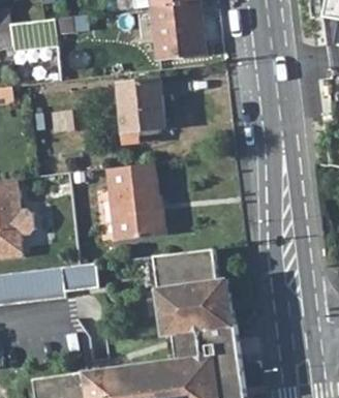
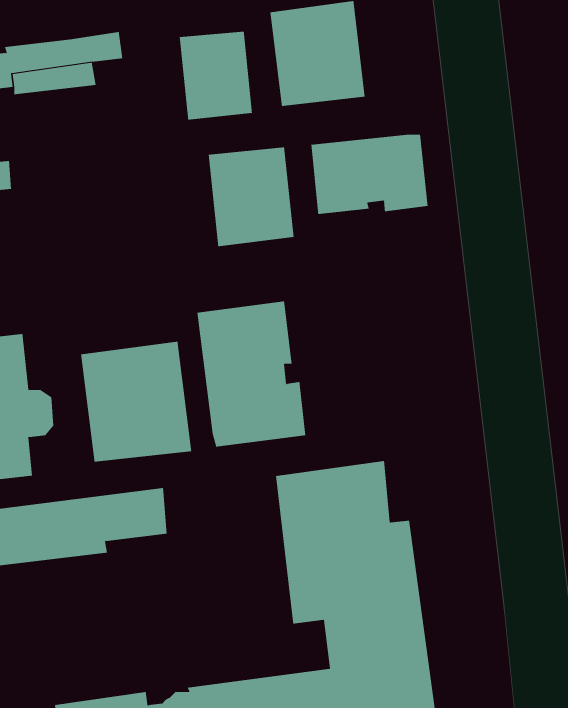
building: none -> [179,31,253,121]
building: none -> [311,134,428,215]
building: none -> [80,341,192,462]

